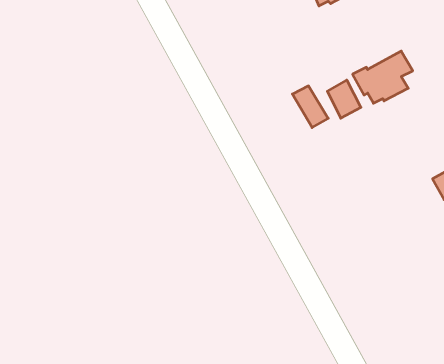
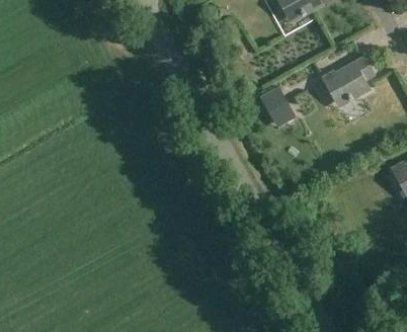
building: [327,80,361,118] -> none

